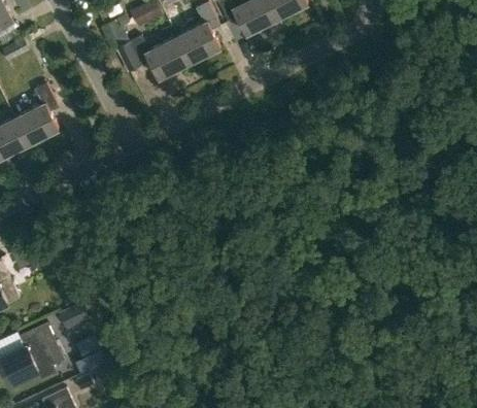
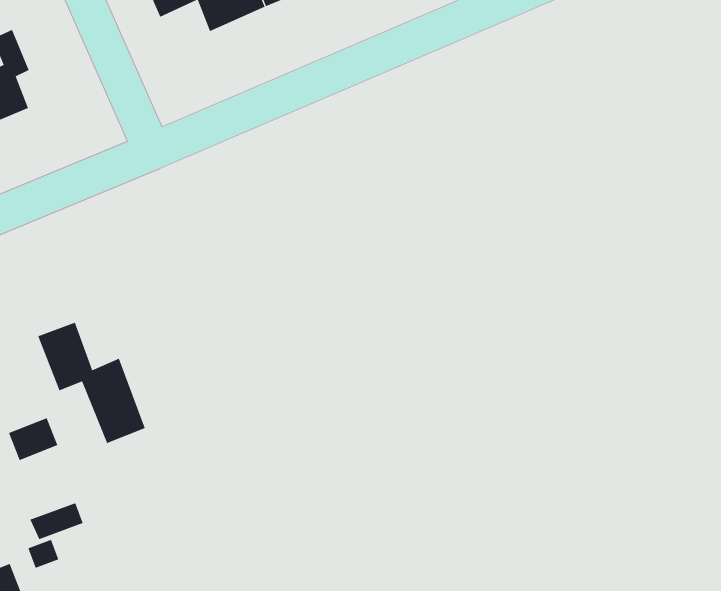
building: none -> [37,322,146,444]

